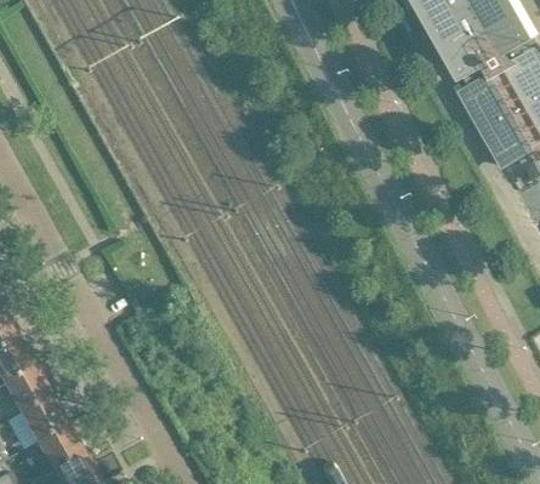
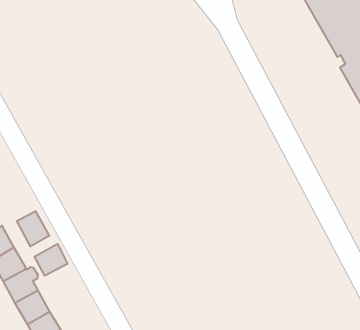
building: none -> [17,211,49,246]
building: none -> [35,244,67,276]

